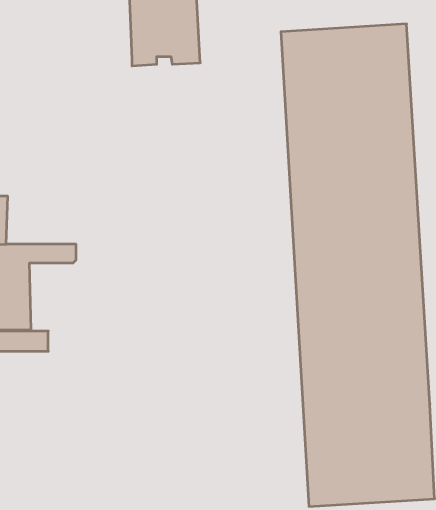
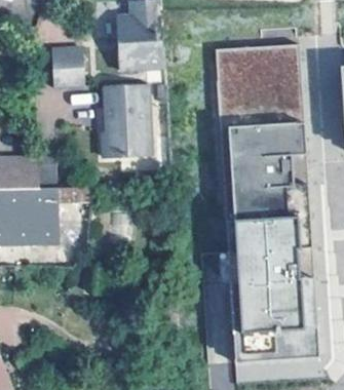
building: none -> [50,48,83,88]
building: none -> [101,83,151,156]

